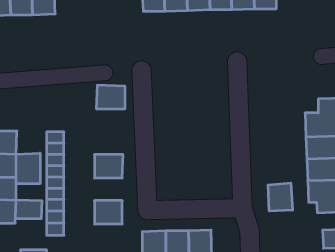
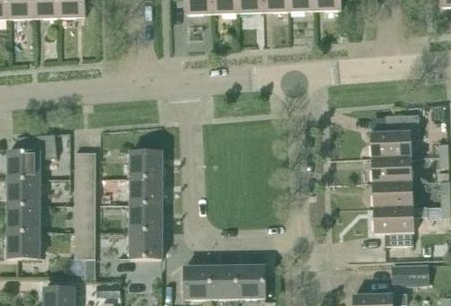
building: [96,85,125,109] -> [130,152,163,179]
building: [16,153,40,184] -> none
building: none -> [130,206,162,232]
building: [268,183,293,211] -> none
building: [16,200,42,219] -> none

